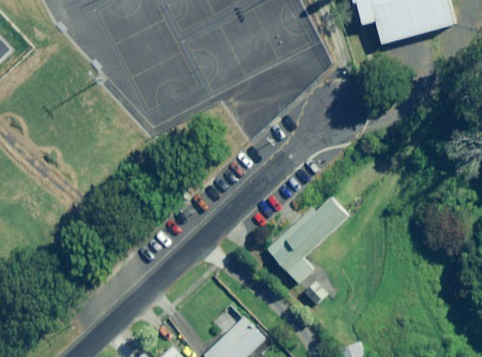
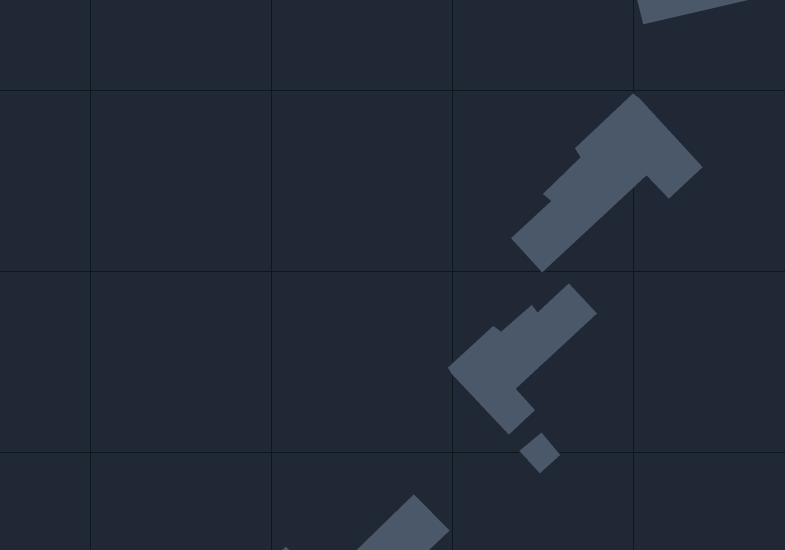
building: none -> [510,93,704,273]

